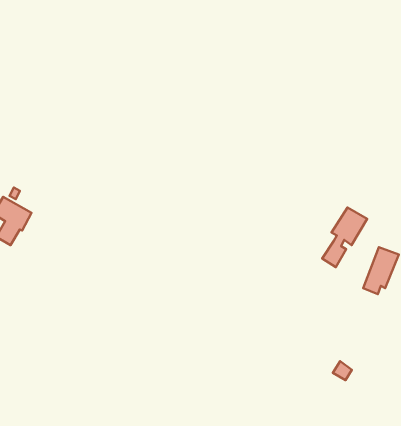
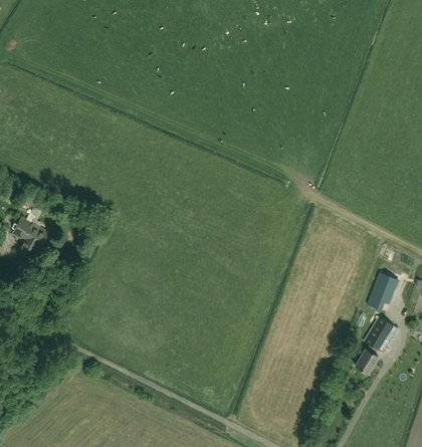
building: [322,207,367,267] -> [354,316,397,374]

